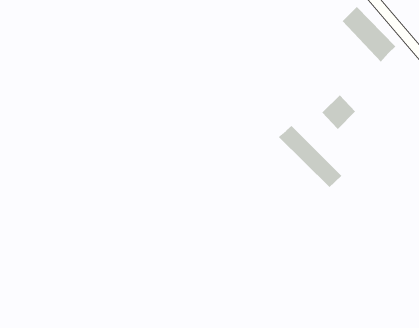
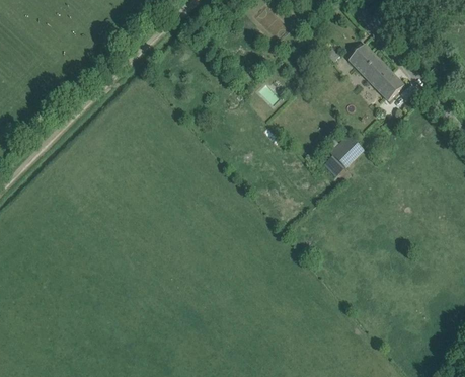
building: [278,125,342,188] -> none

